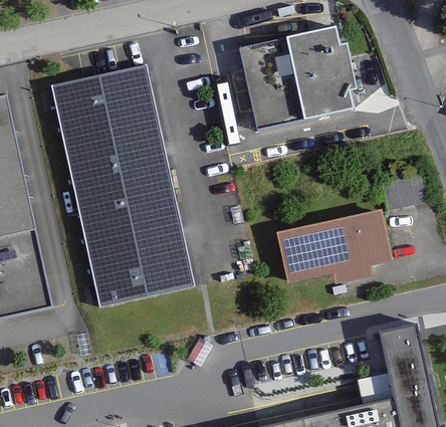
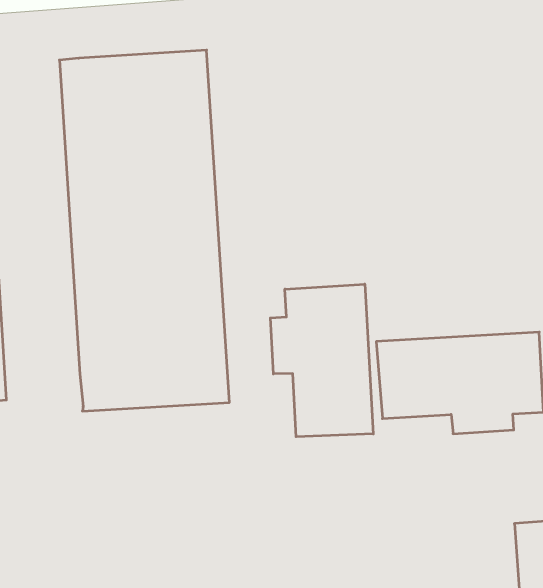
building: [239,29,355,131] -> none
building: none -> [270,284,373,437]

